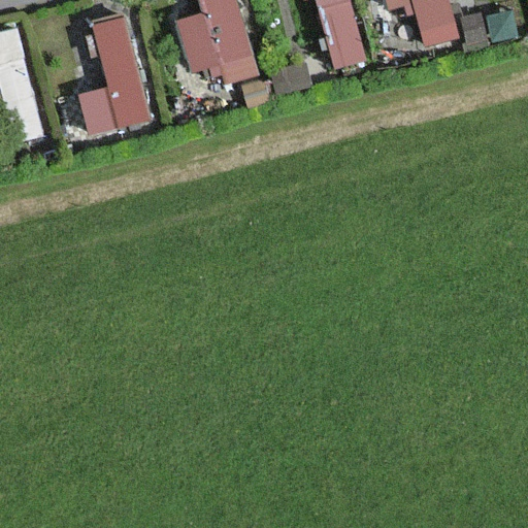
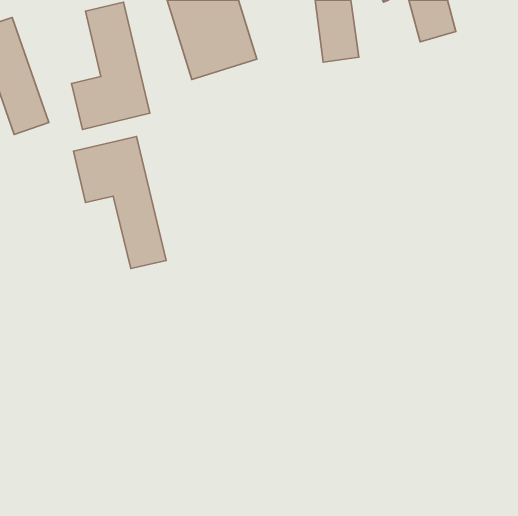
building: none -> [74,137,166,269]

